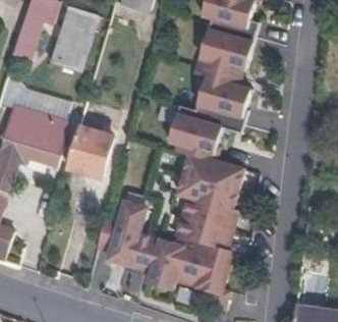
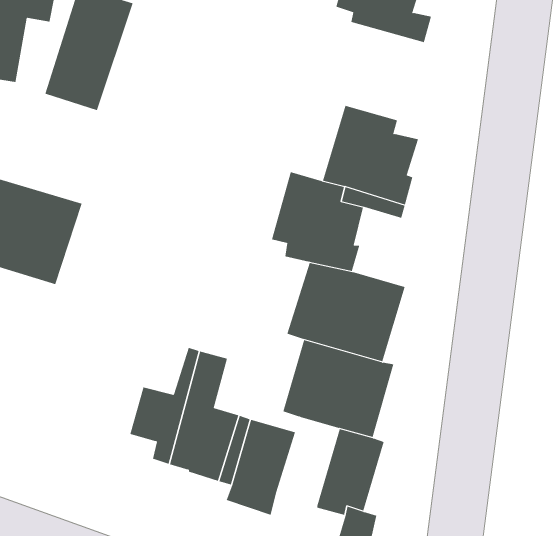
building: [202,24,255,77] -> none
building: [66,125,114,178] -> none
building: [175,237,209,285] -> none

